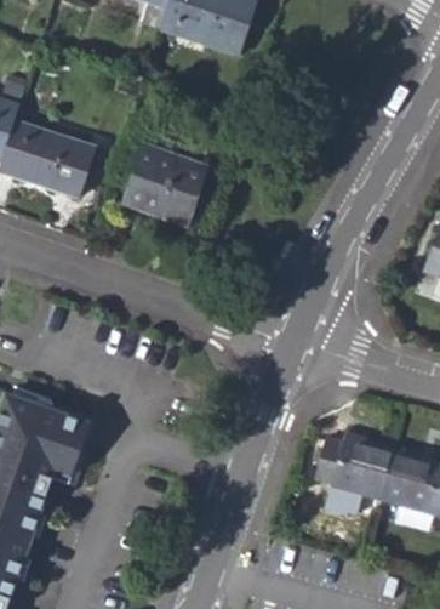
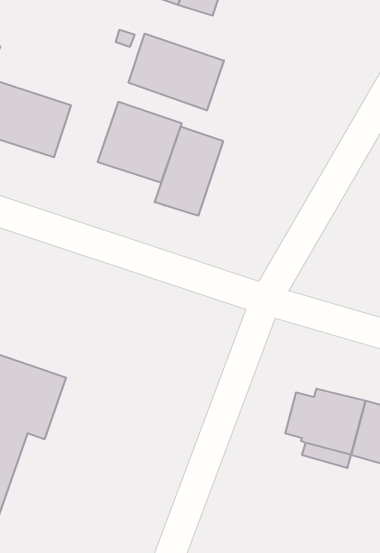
building: none -> [129,34,224,110]
building: none -> [155,126,223,216]

